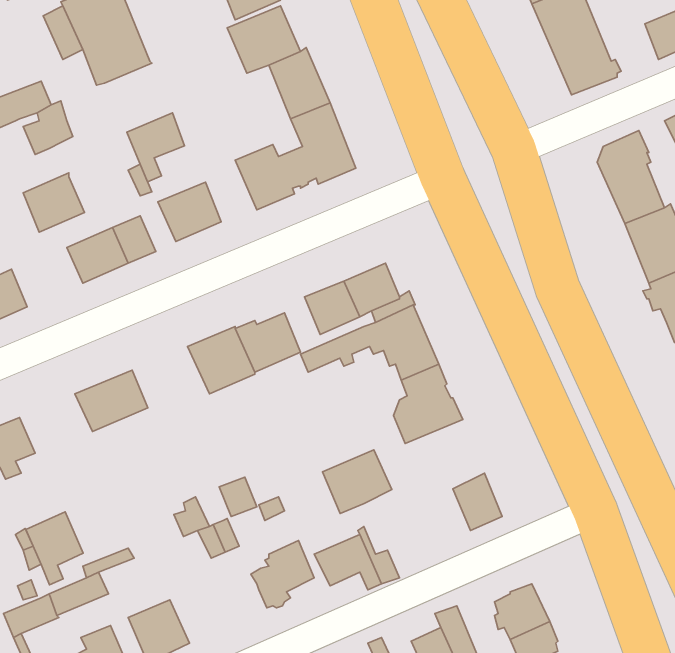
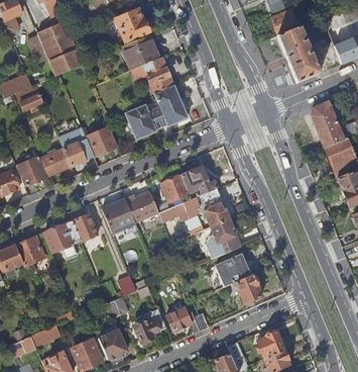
building: [127,113,185,182] -> none
building: [23,173,85,232] -> [16,157,47,187]
building: none -> [73,214,98,242]
building: [323,450,392,513] -> [215,255,250,287]
building: [26,512,83,585] -> [15,237,44,274]
building: none -> [98,324,126,360]

